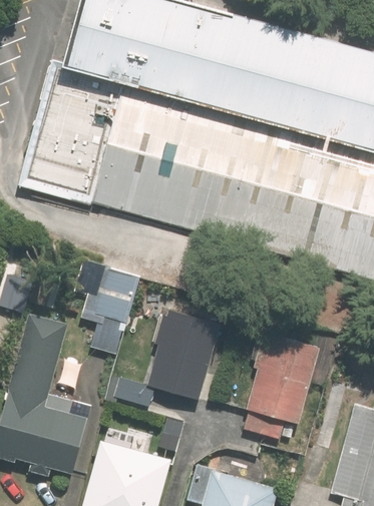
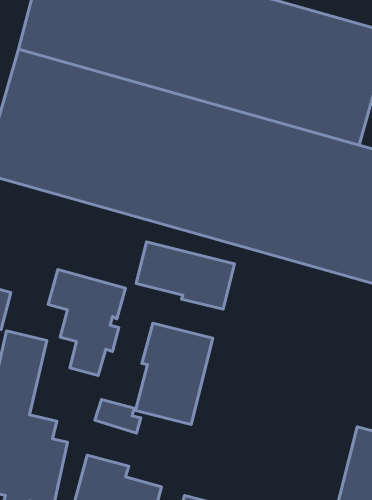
building: none -> [136,242,234,309]
building: [243,336,318,437] -> none

